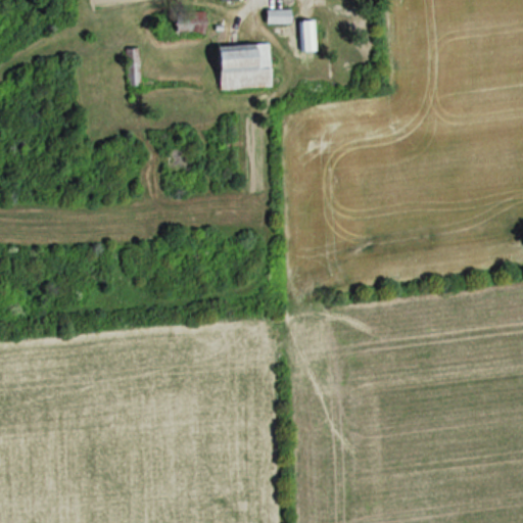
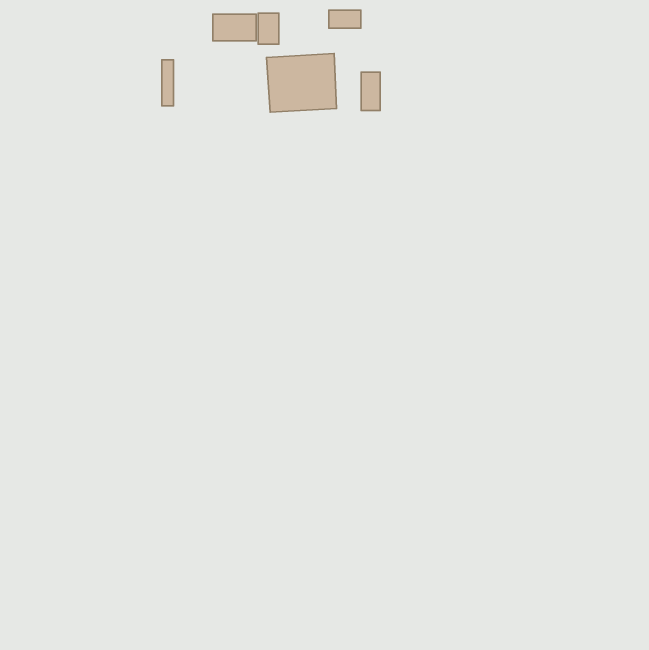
building: none -> [258,13,279,44]
building: [300,19,316,50] -> [361,72,380,110]

